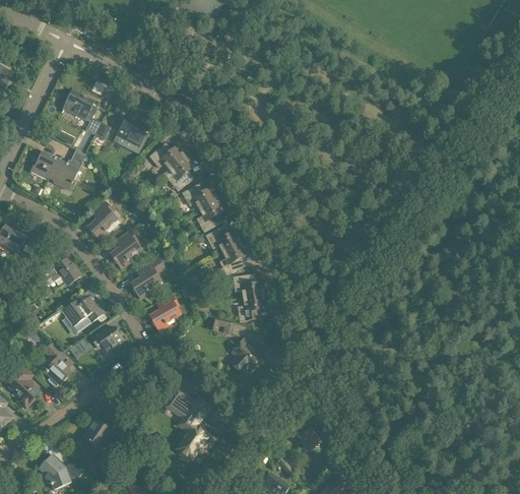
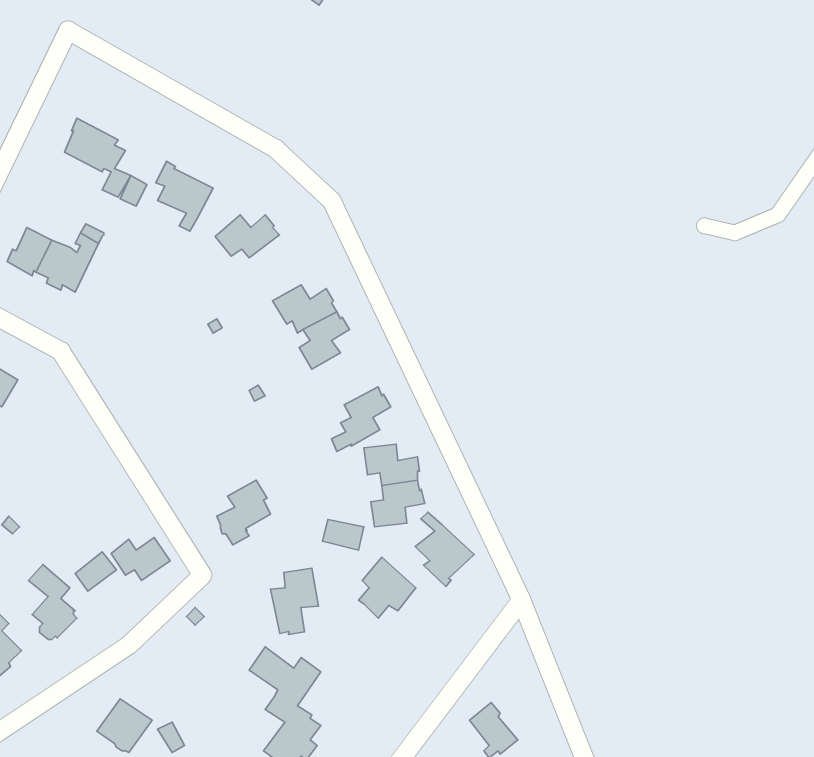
building: [162,156,194,191] -> none
building: [87,201,117,241] -> none
building: [205,227,241,252] -> none
building: [110,231,140,268] -> none
building: [39,257,81,285] -> none
building: [130,258,165,299] -> none
building: [60,294,108,332] -> none
building: none -> [415,512,474,587]
building: none -> [271,568,318,635]

